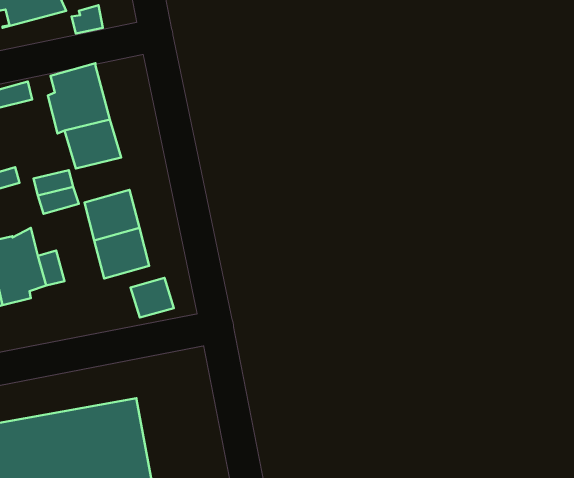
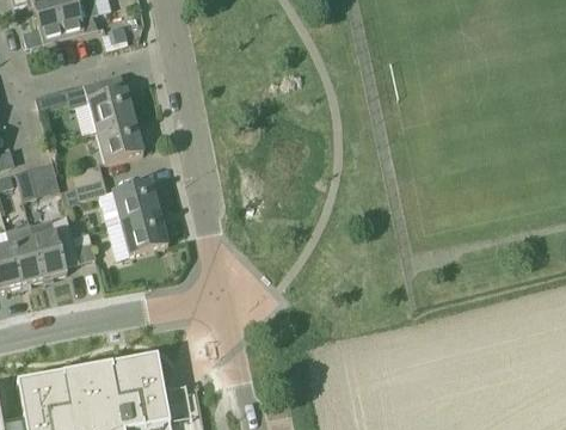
building: [131,278,174,318] -> none

